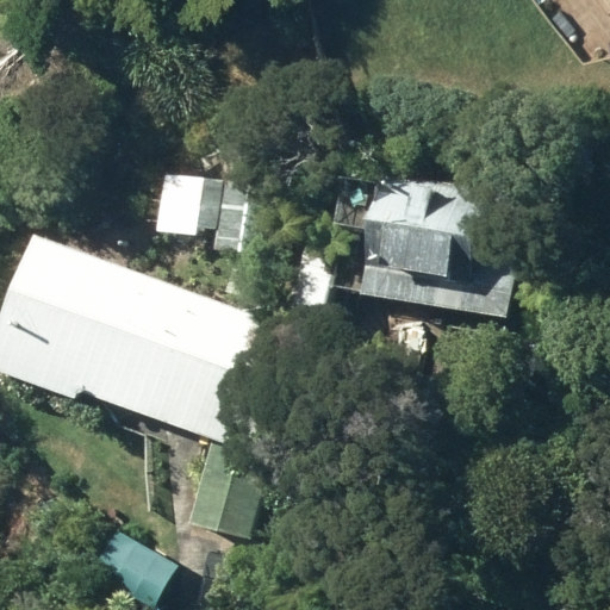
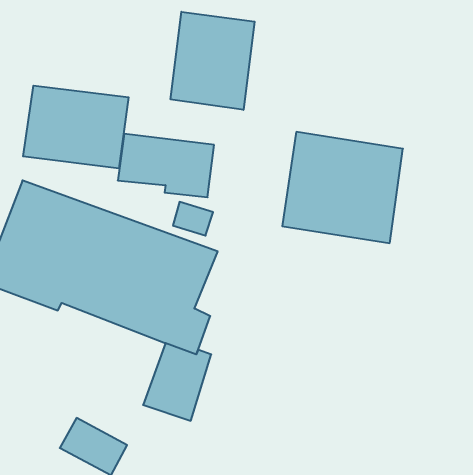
building: none -> [171,12,255,110]
building: none -> [23,86,129,168]

